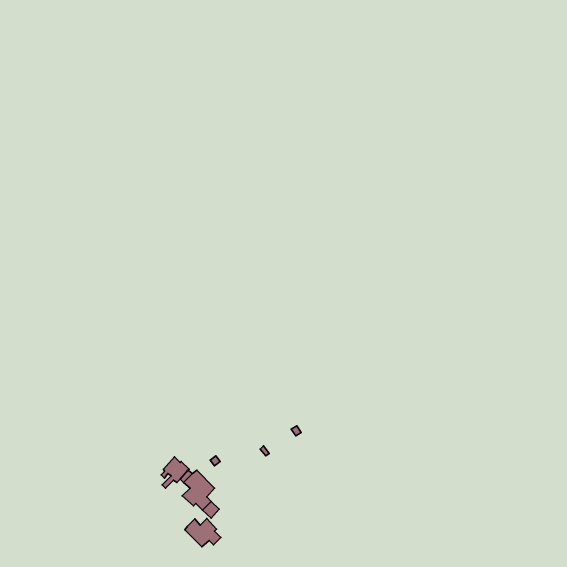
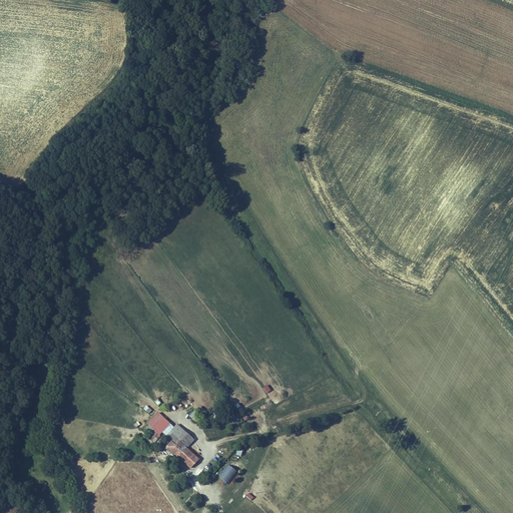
building: [185,519,221,547] -> none

